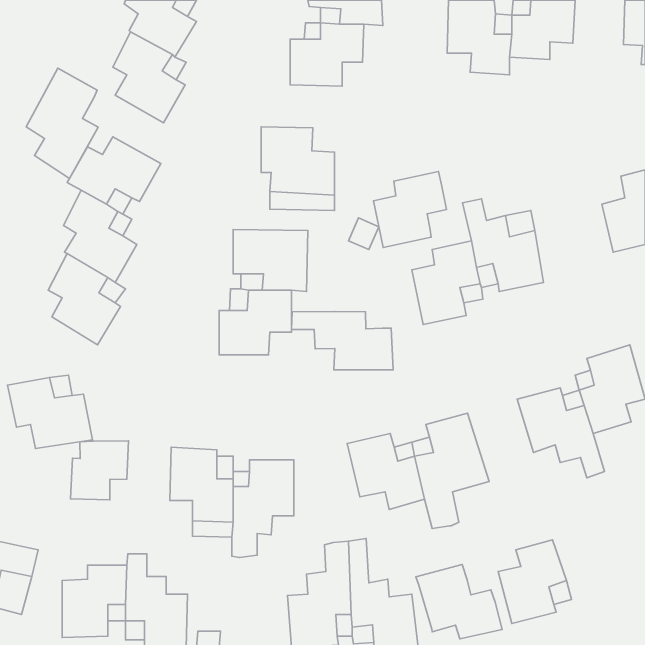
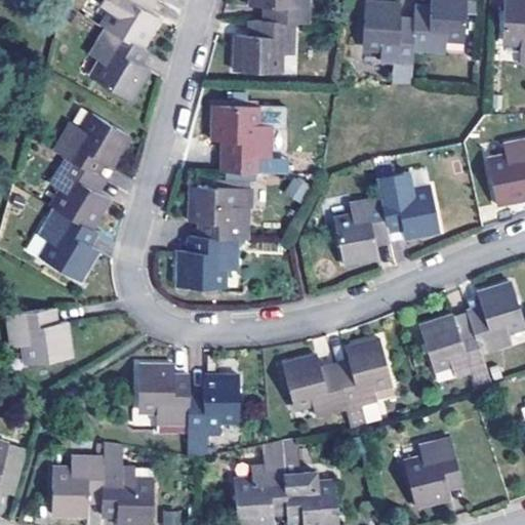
building: [26,68,98,178] -> none
building: [373,171,446,248] -> none
building: [291,312,393,370] -> none
building: [71,441,129,500] -> none
building: [416,565,502,639] -> none

